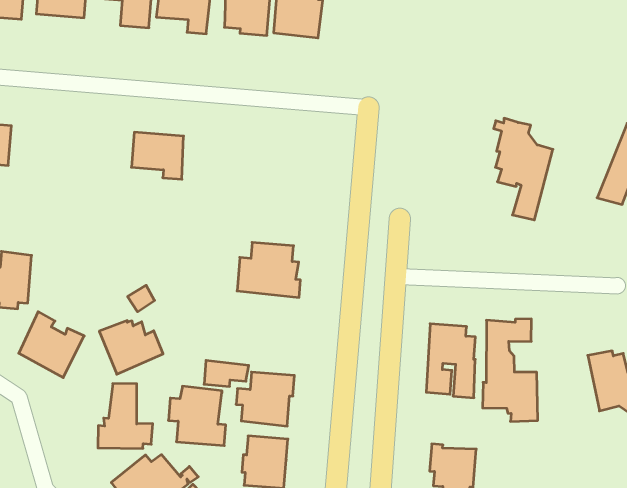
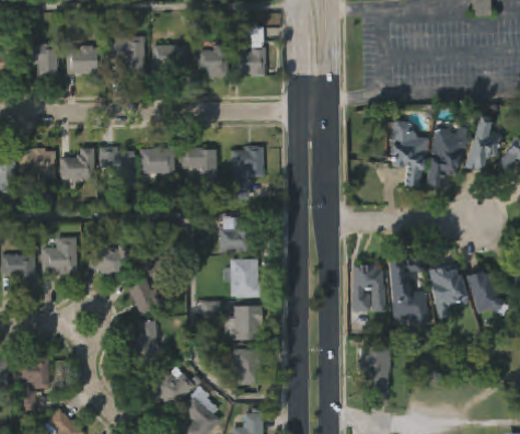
building: none -> [60,147,95,179]
building: none -> [100,147,135,187]
building: none -> [181,146,217,191]
building: none -> [421,127,465,187]
building: none -> [232,146,263,197]
building: [19,312,84,378] -> [88,236,131,279]
building: none -> [425,265,466,320]
building: [168,386,226,446] -> [223,259,263,297]

